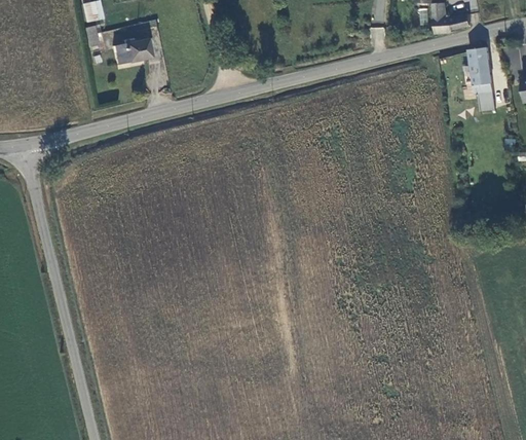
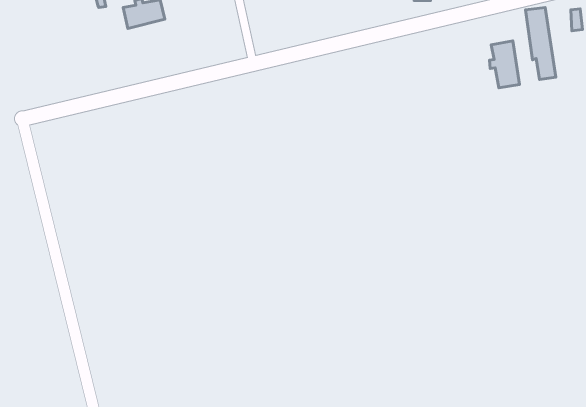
building: none -> [489,41,519,88]

